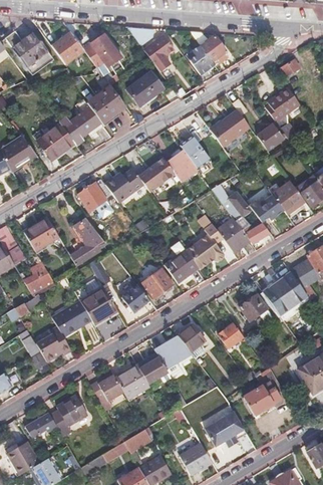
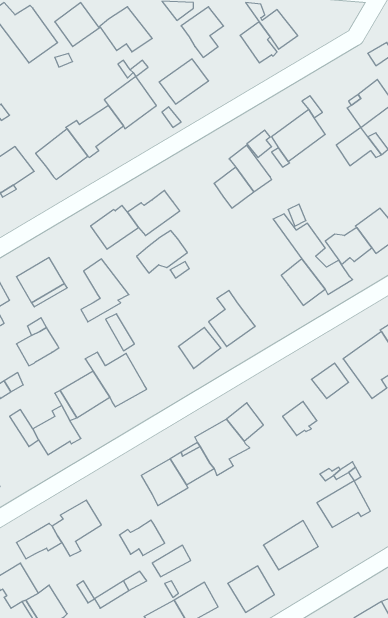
building: [137,157,175,188] -> [137,231,187,273]
building: [185,223,223,269] -> none
building: [120,284,148,312] -> none
building: [89,374,122,400] -> [119,520,165,556]

